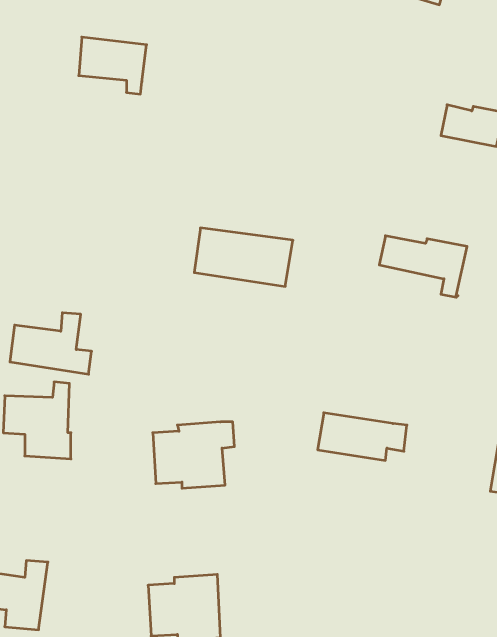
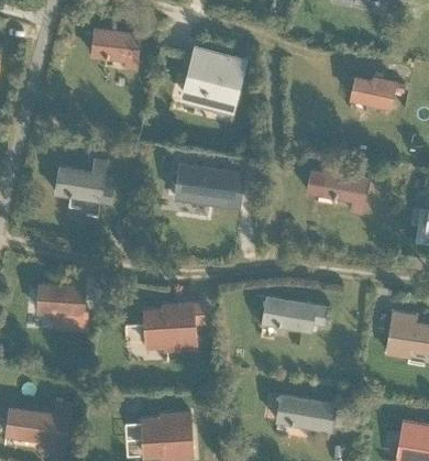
building: none -> [185,46,246,110]
building: [10,313,92,374] -> [55,160,113,204]
building: none -> [276,396,344,432]

